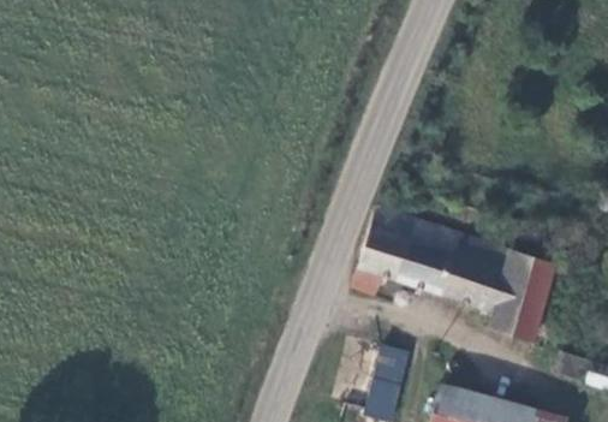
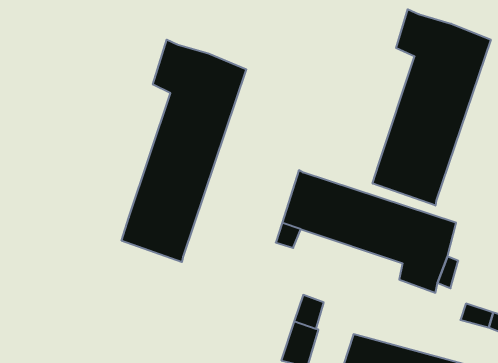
building: none -> [373,9,491,206]
building: none -> [122,40,246,262]

